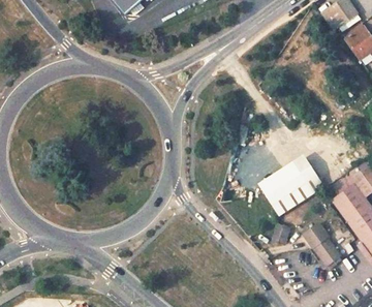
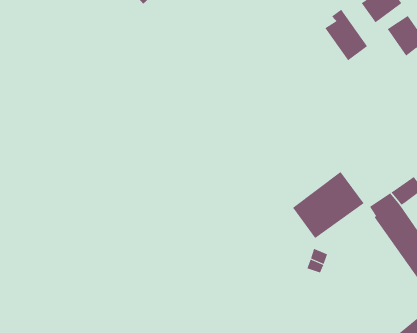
building: none -> [324,9,368,61]
building: [302,227,337,268] -> none

